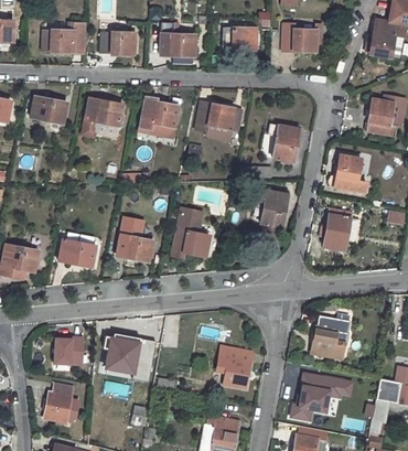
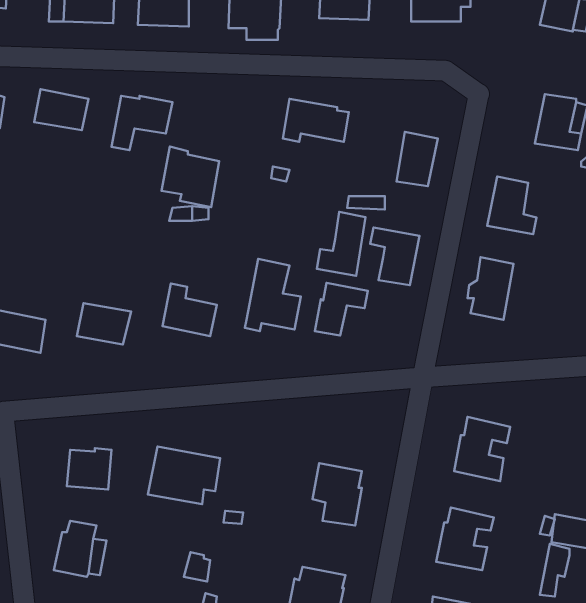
building: [140,95,179,136] -> [162,146,219,207]
building: none -> [317,212,366,276]
building: none -> [315,283,368,336]

